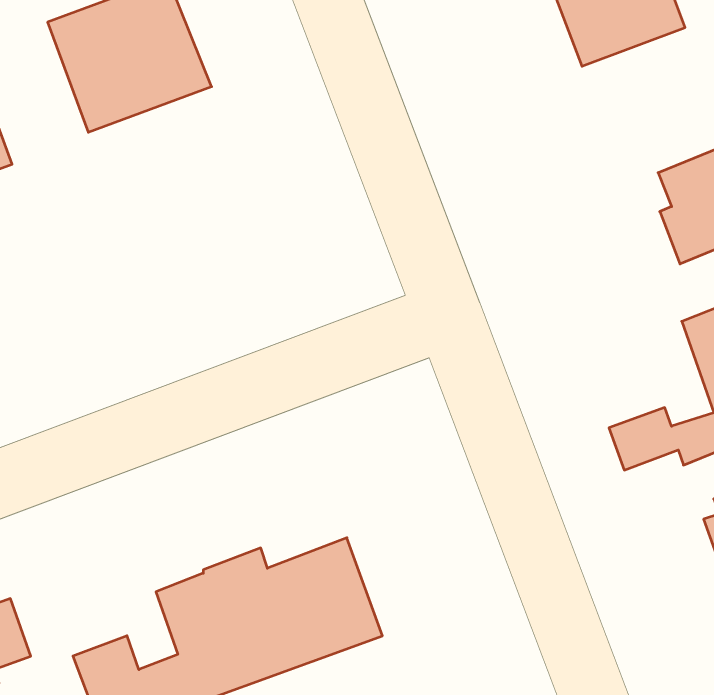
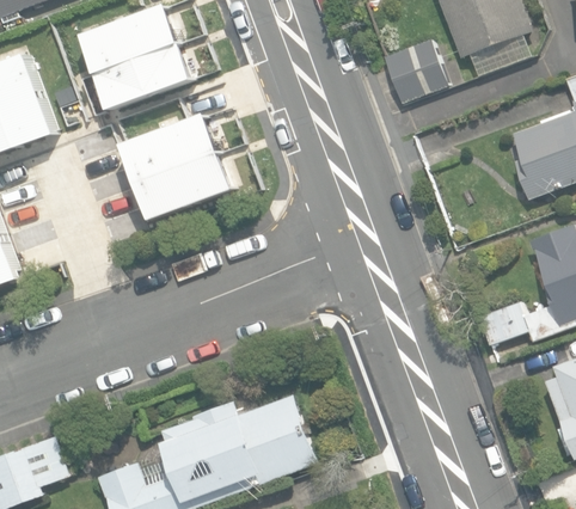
building: none -> [381,35,447,100]
building: none -> [122,108,237,217]

